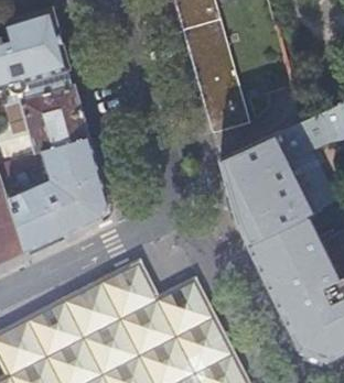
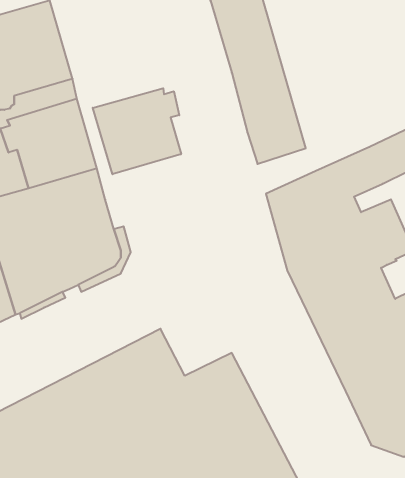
building: none -> [93,88,181,174]

